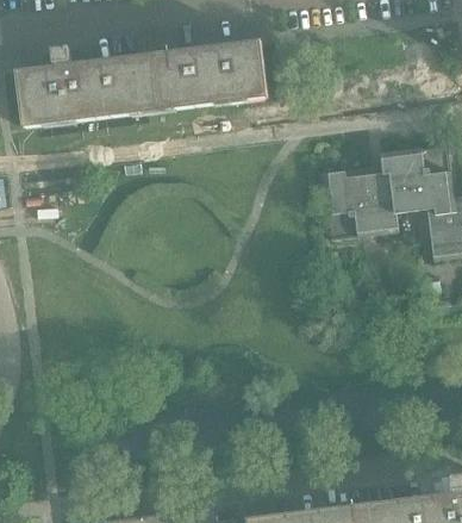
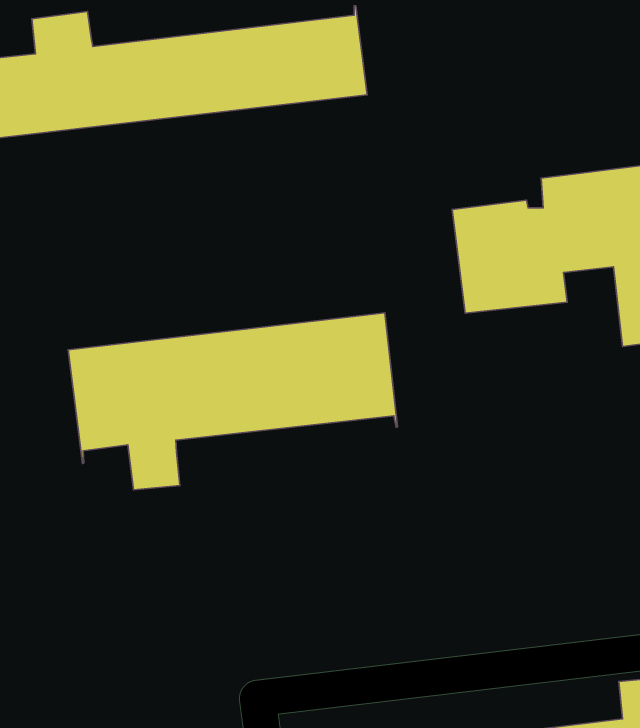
building: none -> [68,313,398,490]

